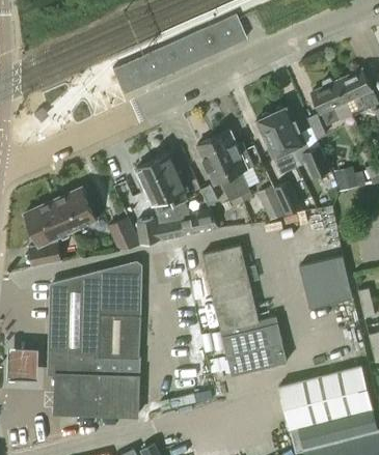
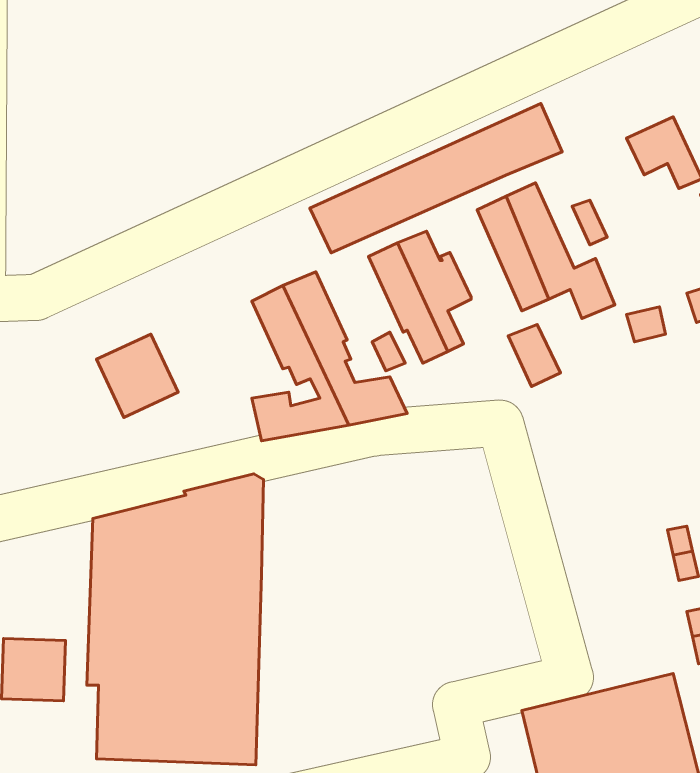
building: [111,15,246,94] -> [310,103,562,253]
building: [312,79,352,125] -> none
building: [256,187,286,221] -> none
building: [25,200,67,265] -> none
building: [107,217,141,250] -> none
building: [202,246,285,375] -> none
building: [299,256,352,309] -> none

